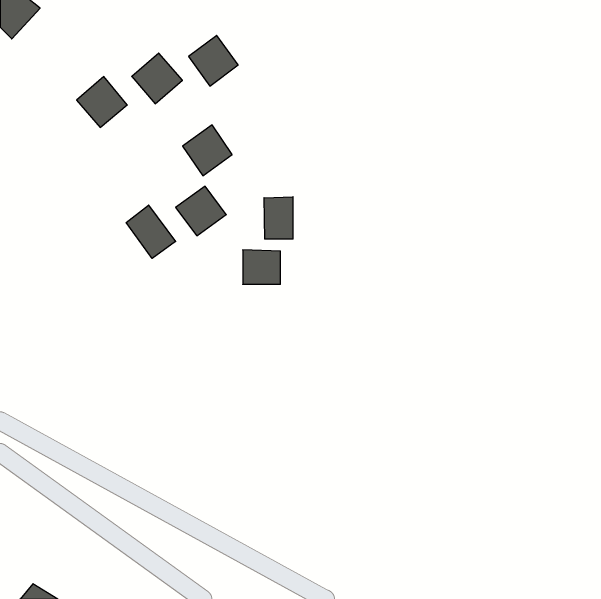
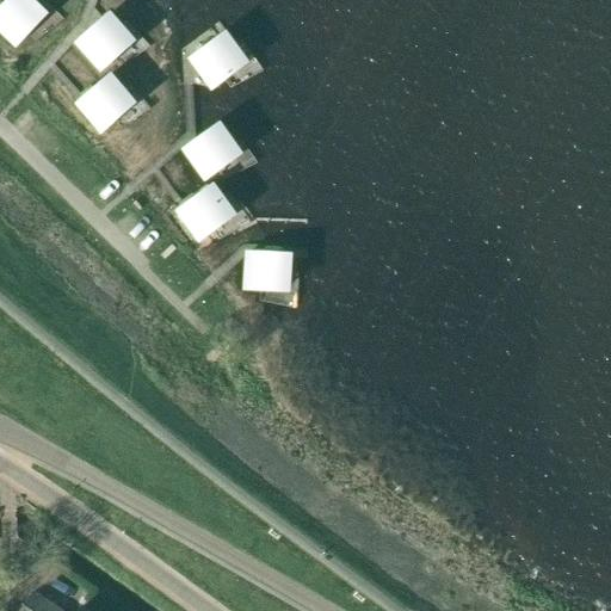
building: [132,53,182,104] -> [79,17,130,68]
building: [264,197,293,239] -> none
building: [126,205,176,258] -> none

